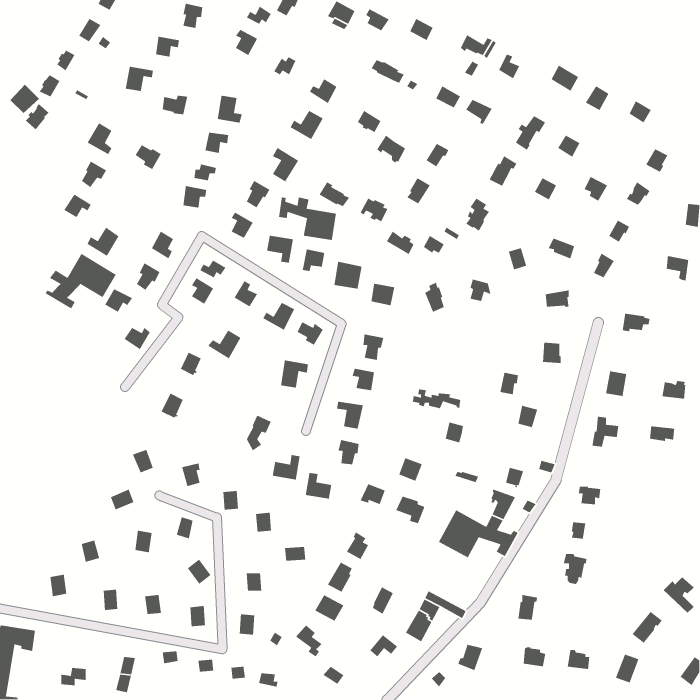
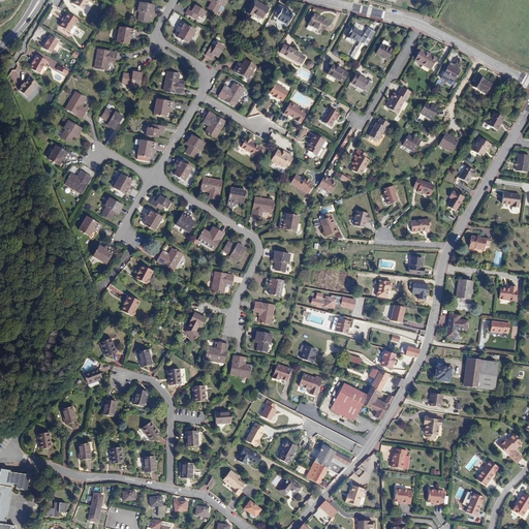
building: [278,197,337,241] -> none
building: [44,253,117,309] -> none
building: none -> [466,359,497,390]

